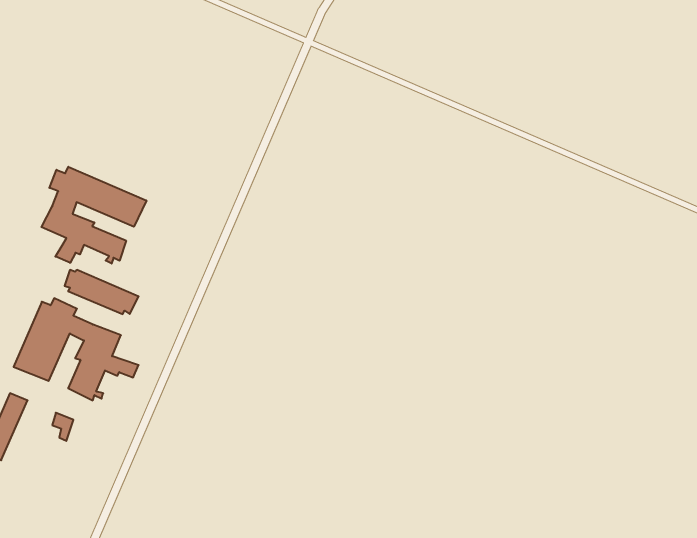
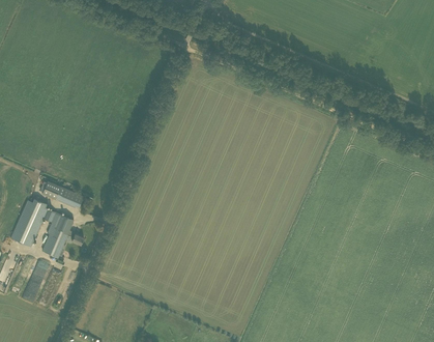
building: [41,167,146,264] -> none

